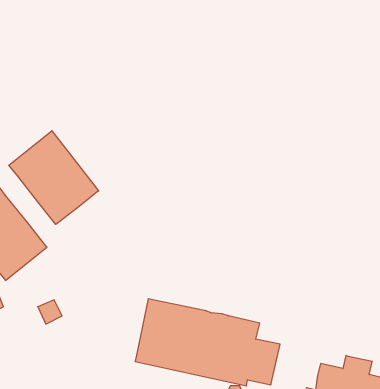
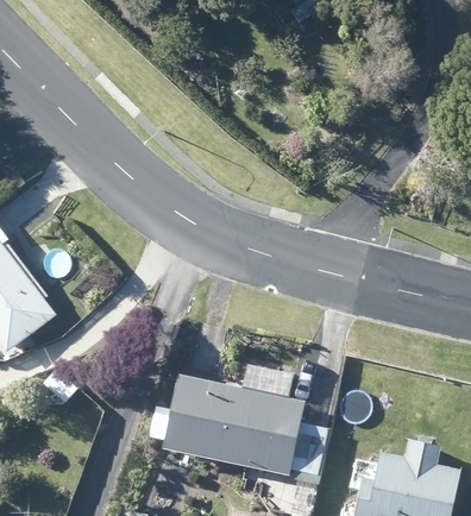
building: [9,131,99,224] -> none

